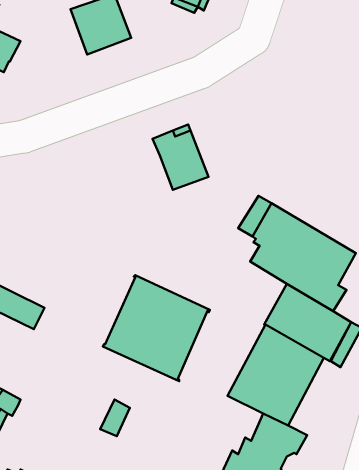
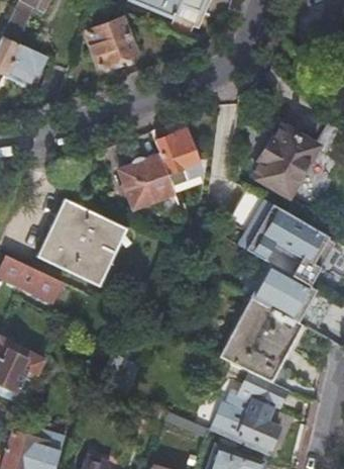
building: none -> [255,127,319,197]
building: none -> [122,154,182,212]
building: [103,275,210,381] -> [37,198,128,288]

